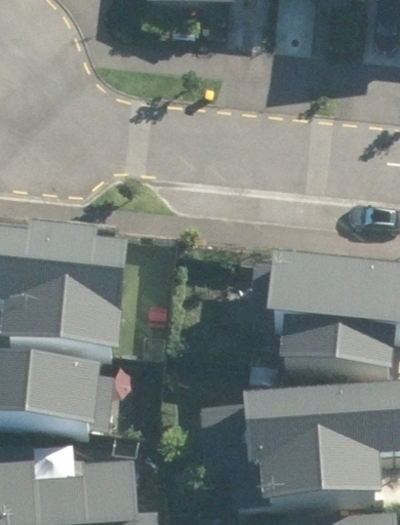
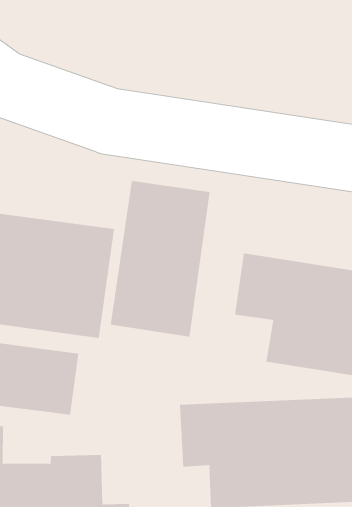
building: none -> [110,180,210,337]

